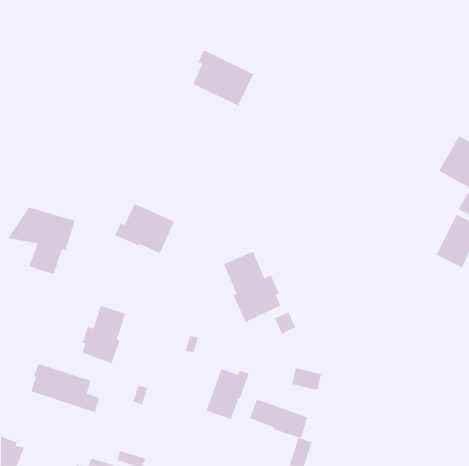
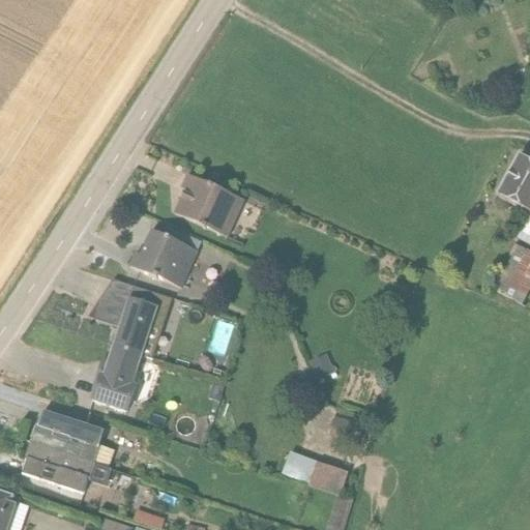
building: [192,49,254,106] -> [175,172,244,236]
building: [7,207,75,275] -> [90,276,167,353]
building: [223,251,281,323] -> none
building: [206,369,250,420] -> none
building: none -> [22,441,111,492]

